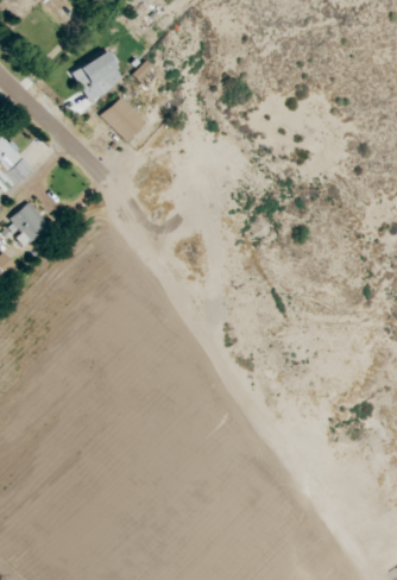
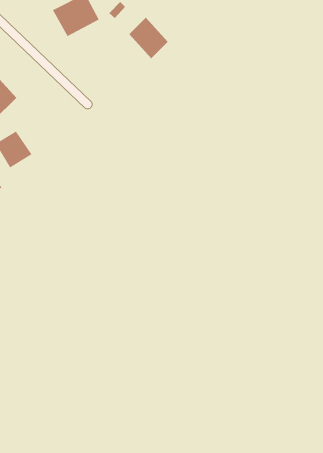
building: [102,95,146,141] -> [128,17,169,59]

